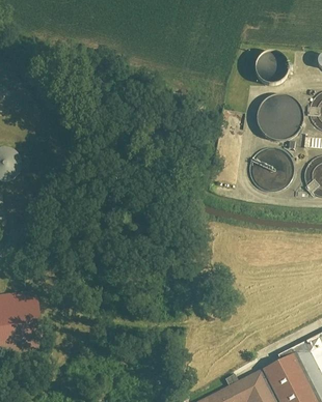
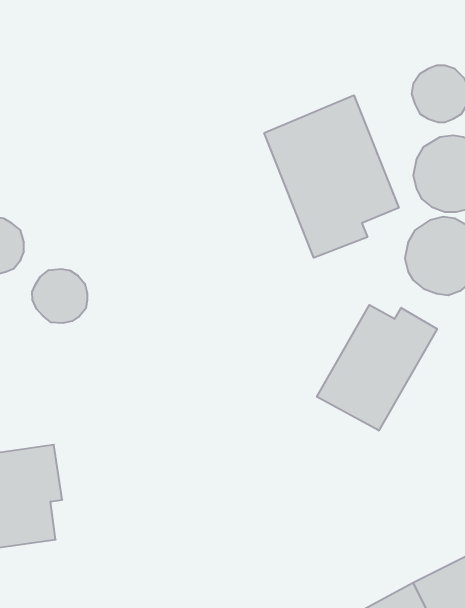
building: none -> [264,95,399,258]
building: none -> [32,269,87,323]
building: none -> [317,305,437,431]

